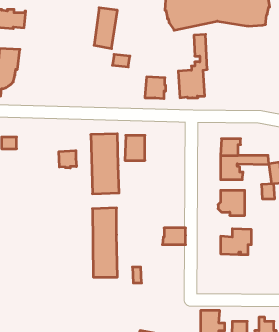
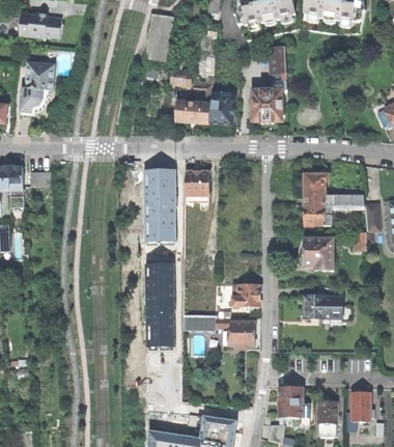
building: none -> [176,82,213,122]
building: [59,151,76,168] -> none
building: none -> [184,315,255,345]

